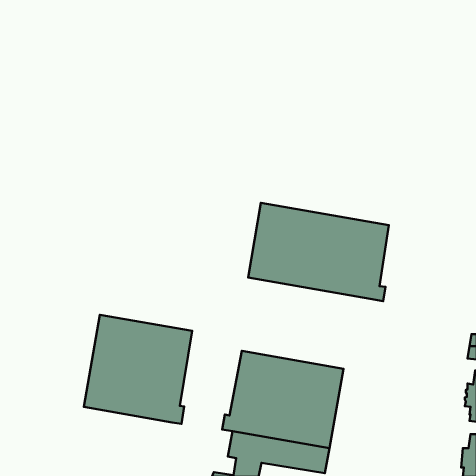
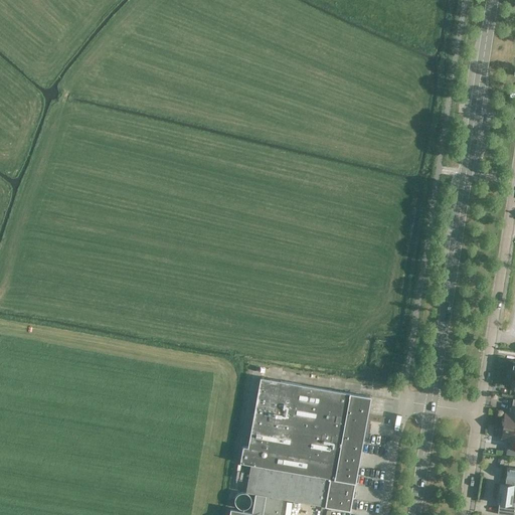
building: [248,203,389,301] -> none
building: [84,315,192,424] -> none

